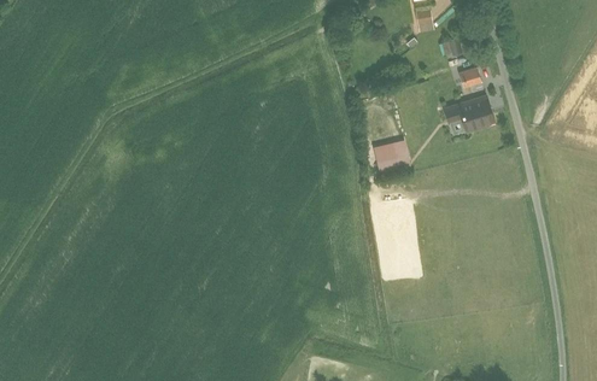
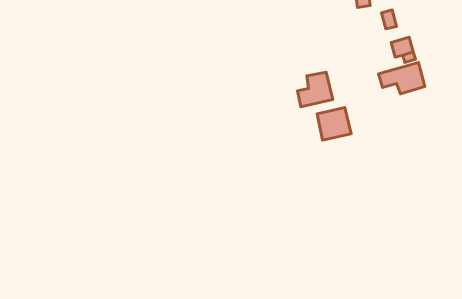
building: none -> [298,72,333,107]

